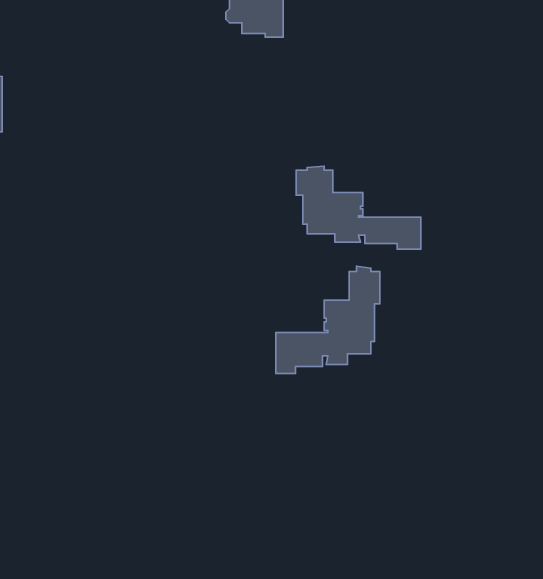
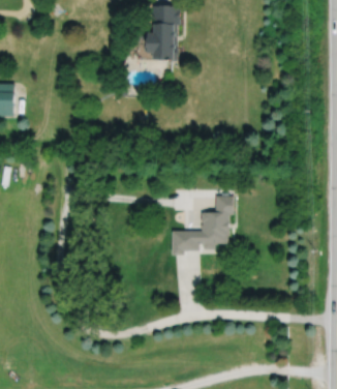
building: [296,166,421,249] -> none

